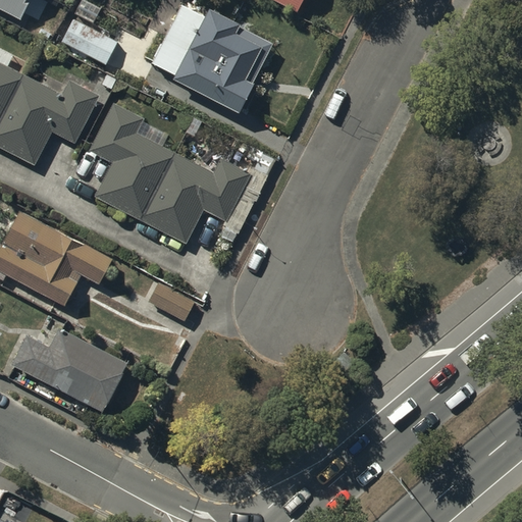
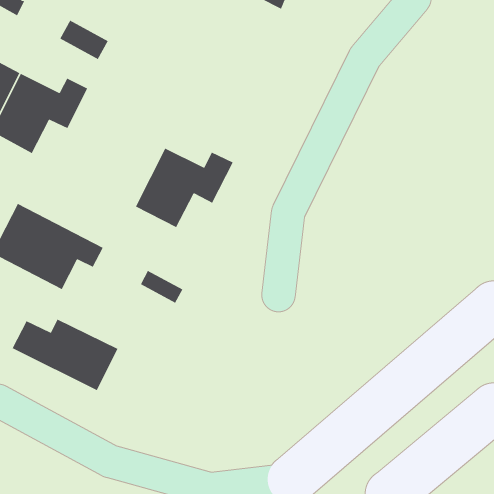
building: [154,7,273,107] -> none
building: [96,107,173,217] -> none

